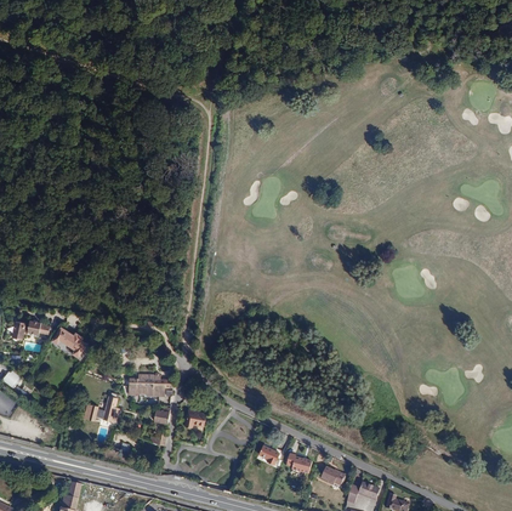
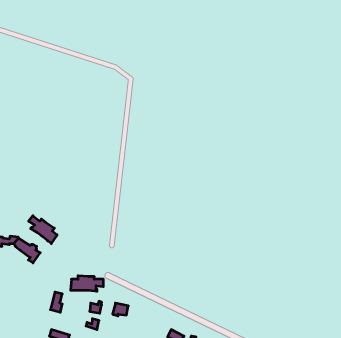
building: none -> [29,216,57,244]

